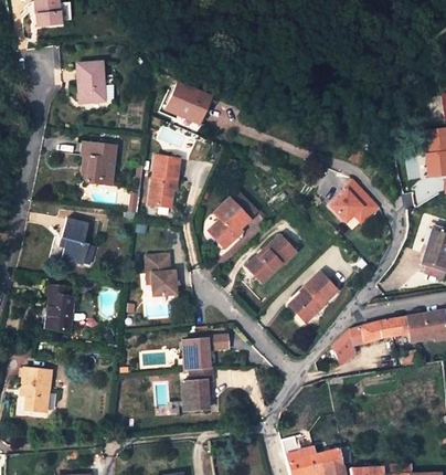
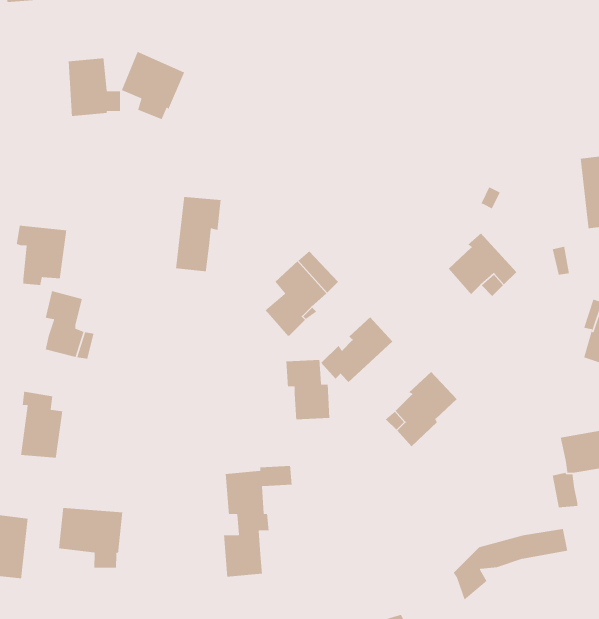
building: [166,83,209,129] -> [121,51,185,120]
building: [82,141,116,182] -> [16,225,67,286]
building: [146,254,176,295] -> [286,359,330,420]
building: [332,316,410,365] -> [453,528,568,601]
building: none -> [58,507,123,568]

